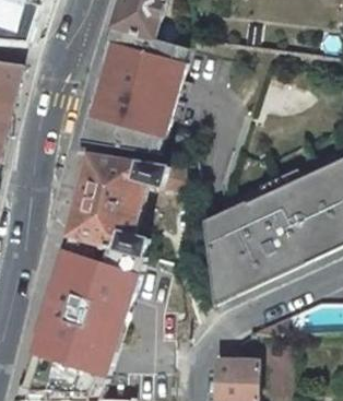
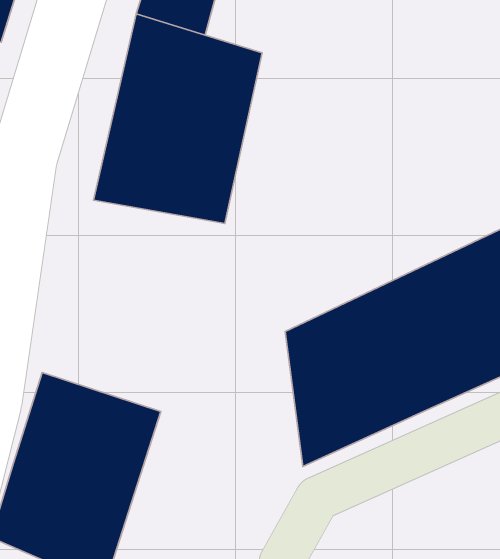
building: [69,153,187,257] -> none

